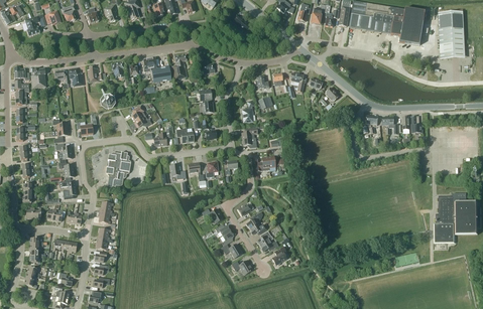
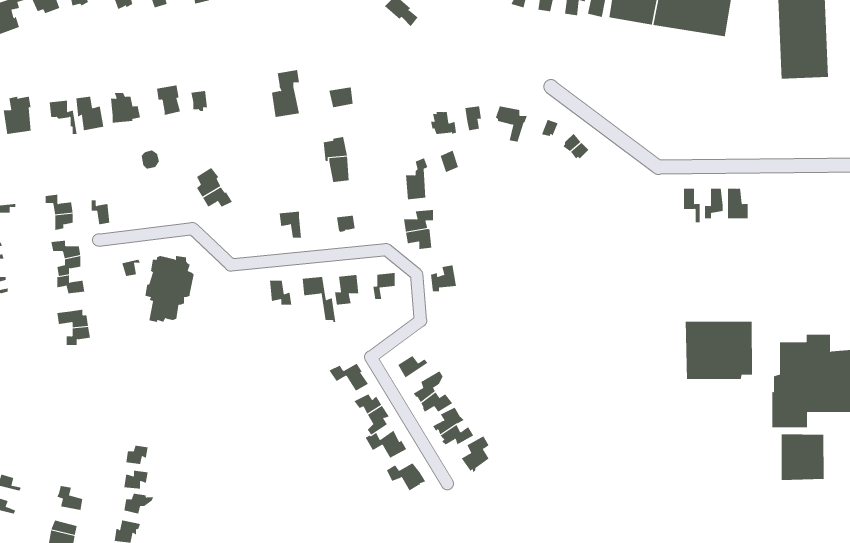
building: [143,58,171,83] -> none
building: none -> [685,321,752,380]
building: none -> [781,433,824,481]

